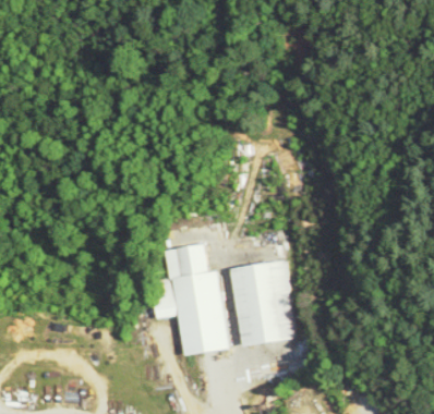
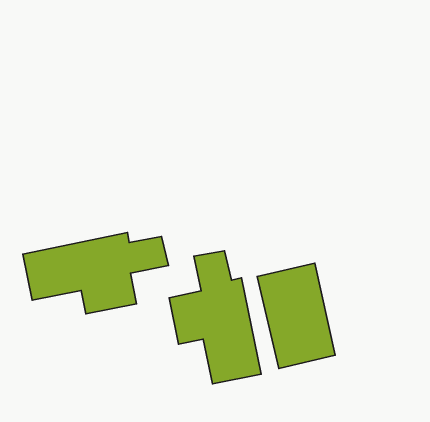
building: none -> [23,233,168,314]

